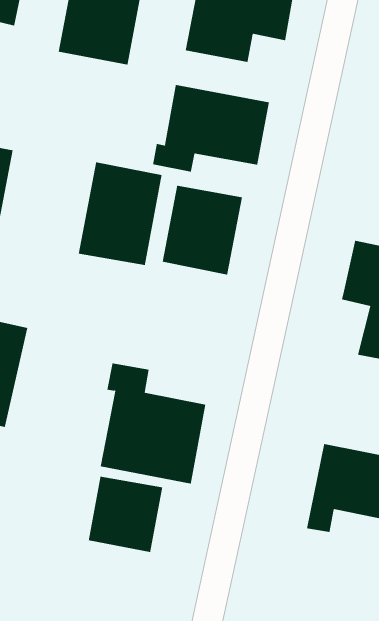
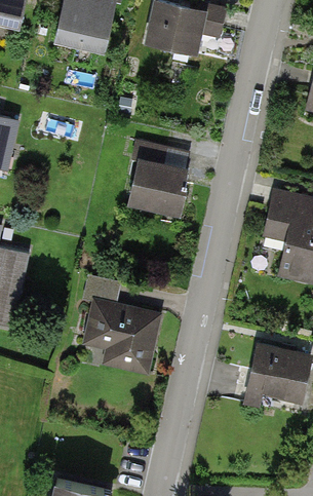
building: [153,84,269,172] -> none
building: [78,162,162,266] -> none
building: [88,476,163,553] -> none

